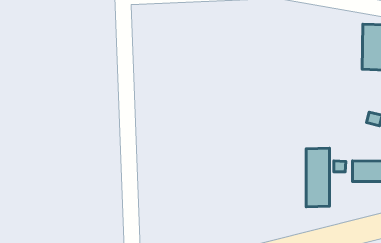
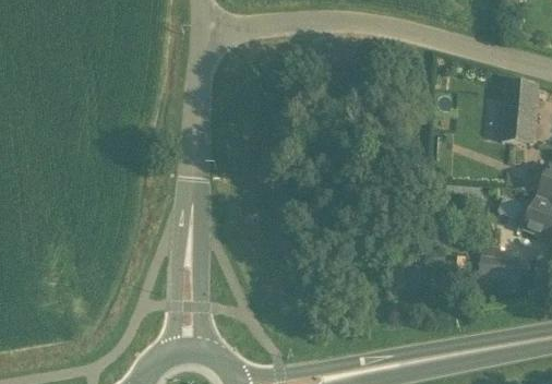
building: [306,148,330,207] -> none

